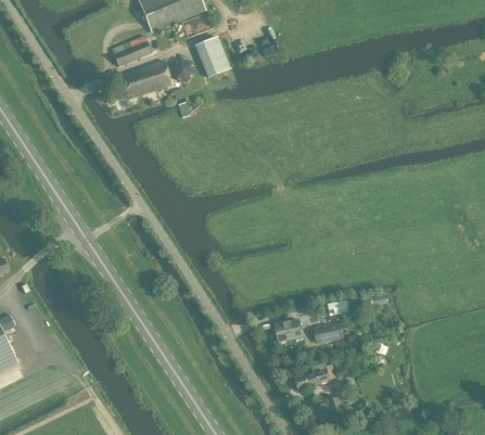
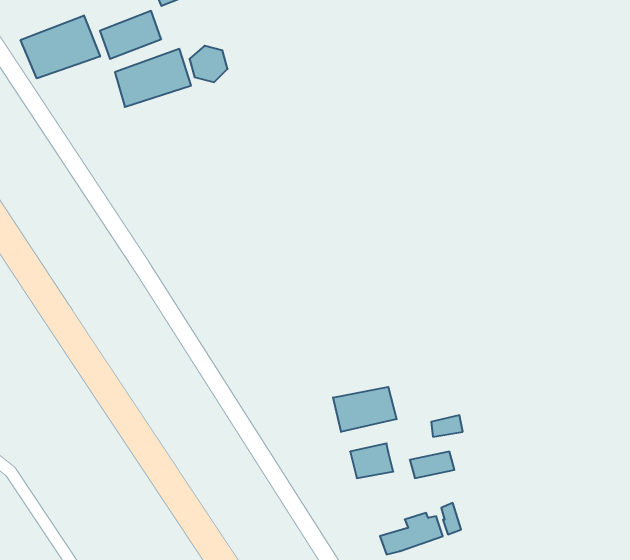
building: [194,36,229,77] -> none
building: none -> [21,15,100,78]
building: none -> [333,387,397,432]

